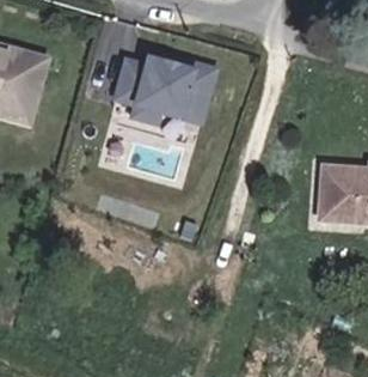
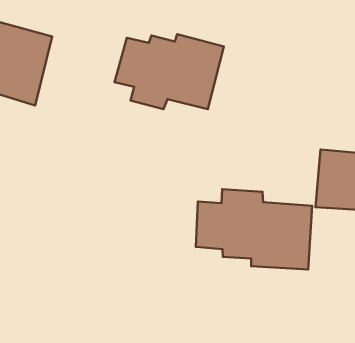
building: none -> [196,189,312,270]

